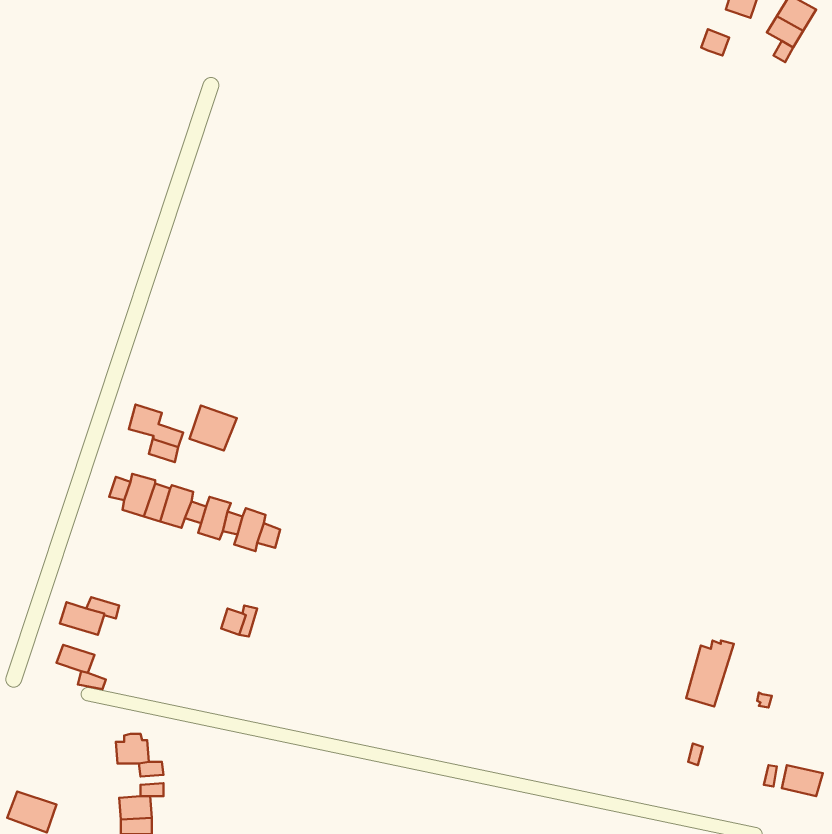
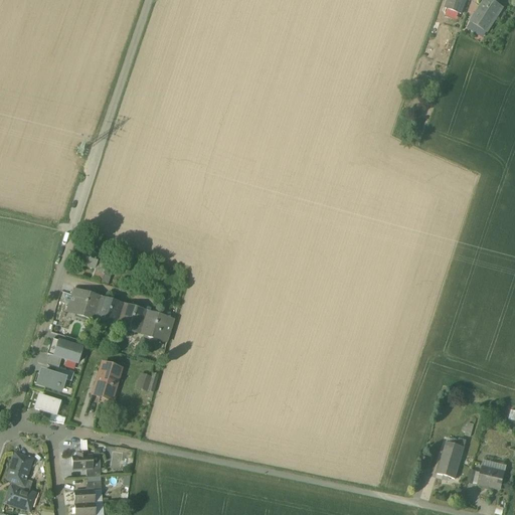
building: [190,406,237,450] -> none
building: none -> [48,336,82,360]
building: none -> [93,360,122,397]
building: [686,641,734,706] -> [438,436,467,476]
building: none -> [7,452,34,481]

